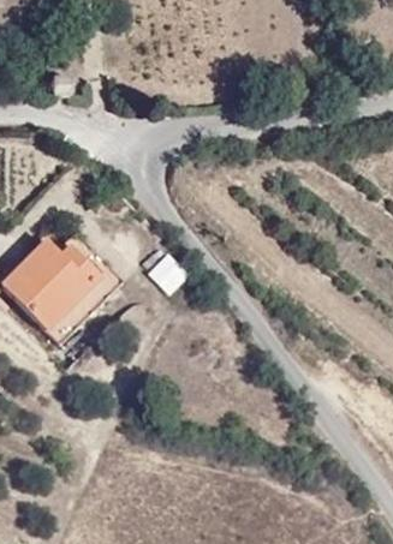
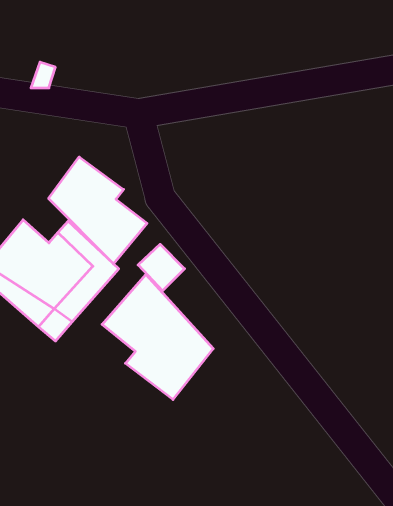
building: none -> [49,157,147,264]
building: none -> [102,275,213,400]

